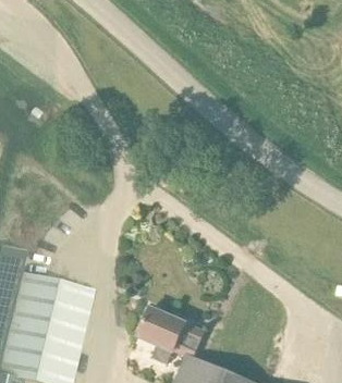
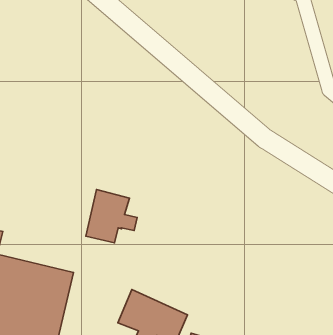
building: none -> [86,190,137,243]

